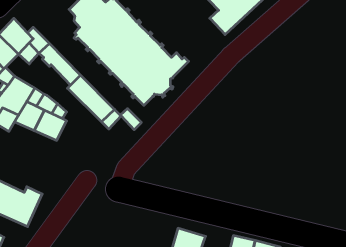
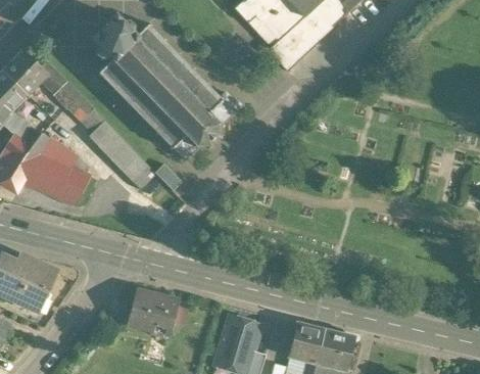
building: none -> [130,290,177,331]

